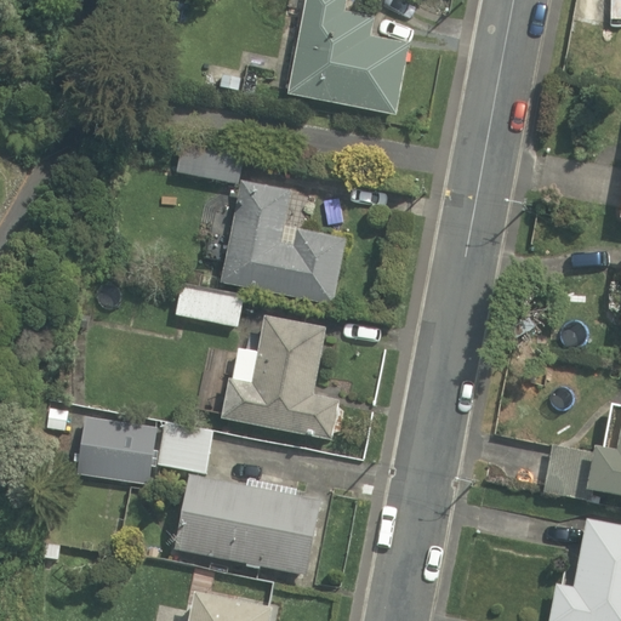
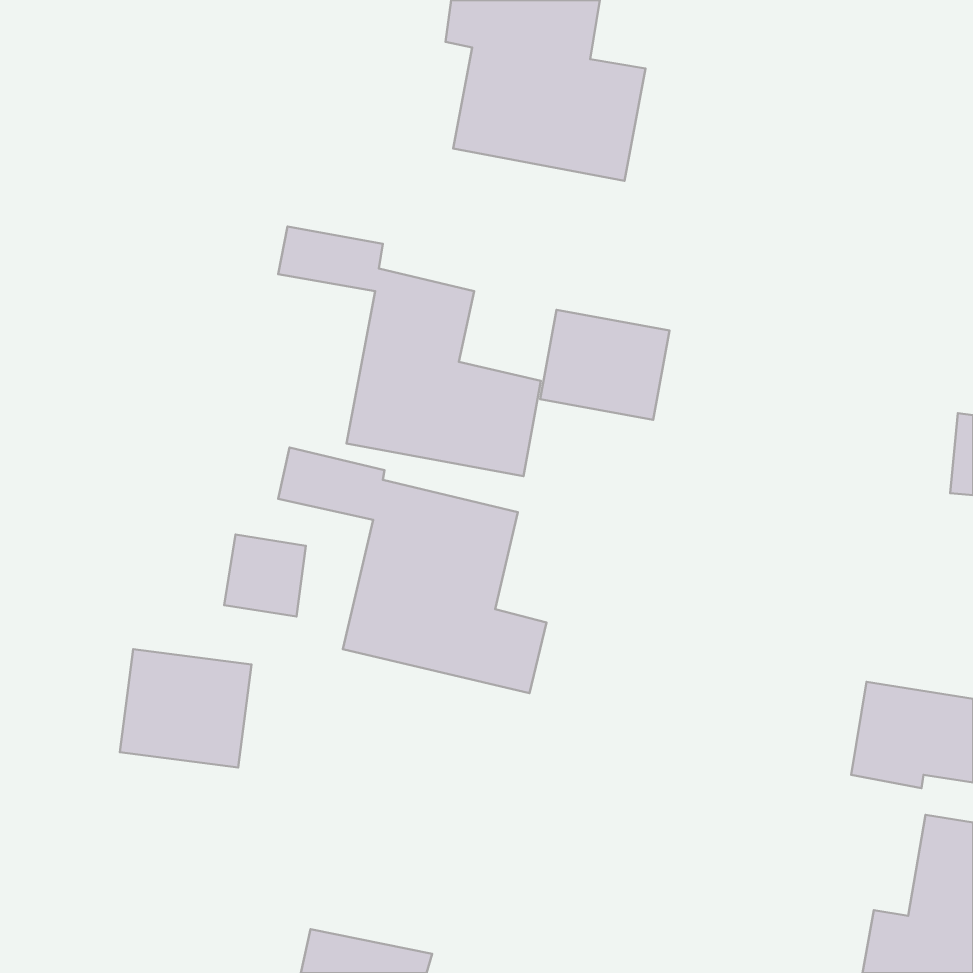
building: none -> [540,310,670,420]
building: [163,420,215,472] -> [224,535,306,616]
building: [172,475,321,579] -> none

